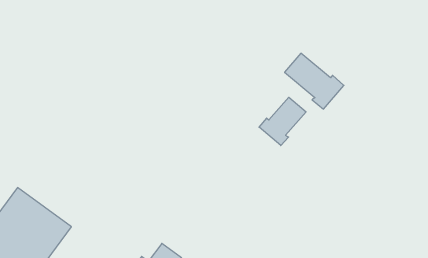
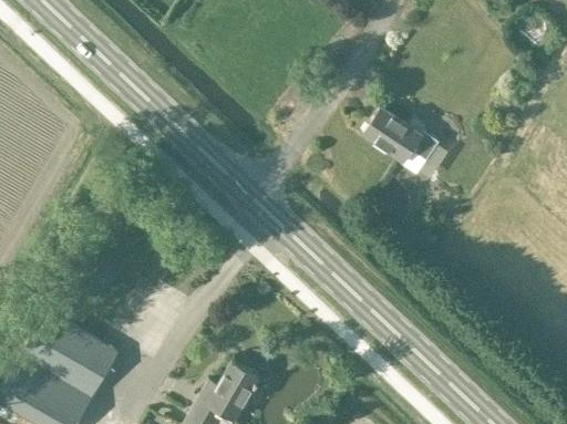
building: [259,97,306,146] -> none

